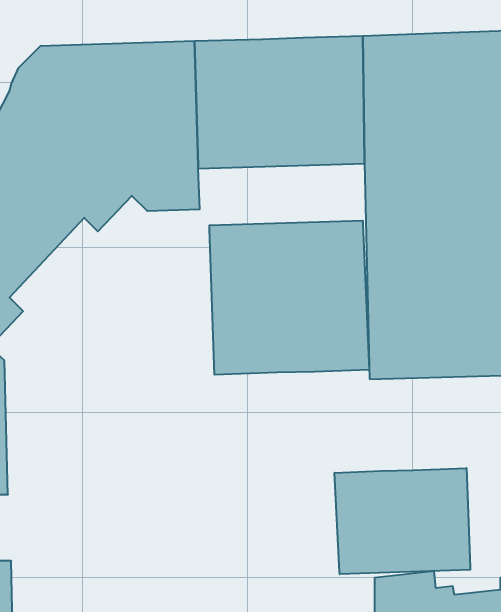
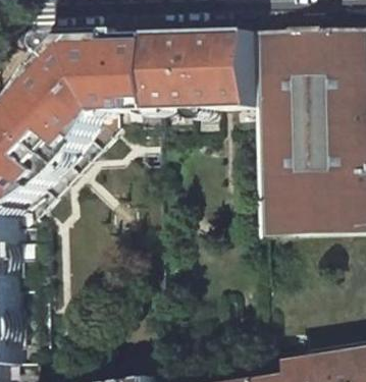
building: [209,221,369,375] -> none
building: [335,468,470,574] -> none

